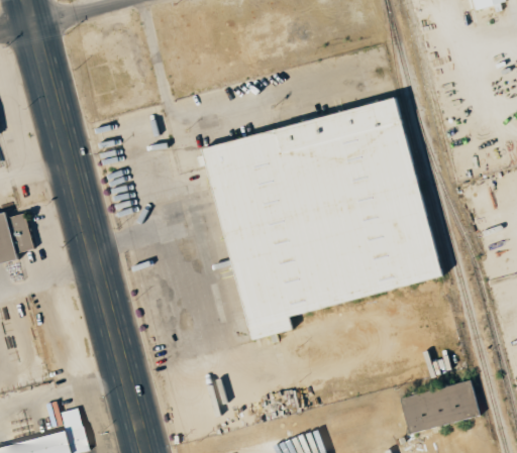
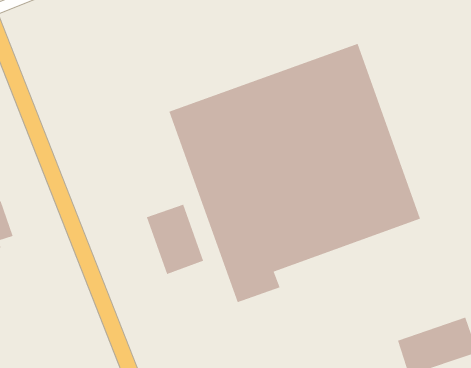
building: none -> [146,204,204,275]

